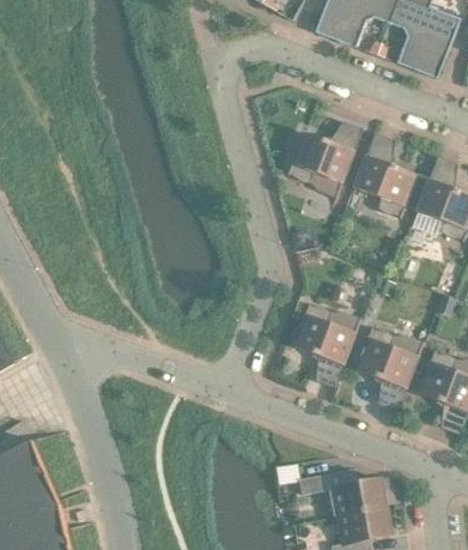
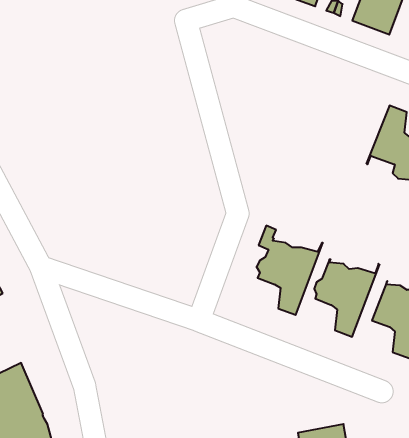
building: [286,121,361,208] -> none
building: [350,133,415,218] -> none
building: [298,469,394,516] -> none

